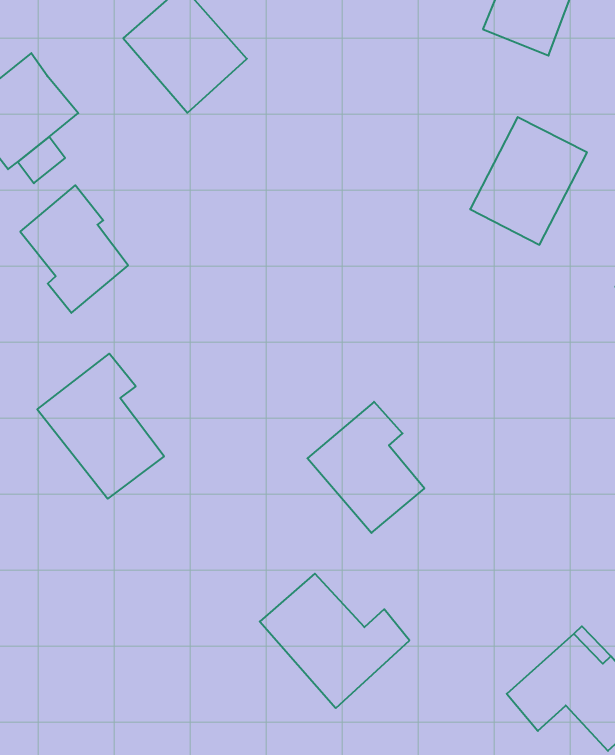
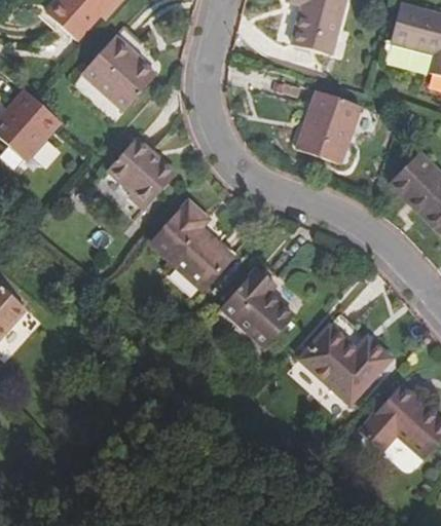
building: [20,185,128,313] -> [106,140,173,216]
building: [37,354,164,499] -> [157,202,236,289]
building: [260,574,409,708] -> [301,327,392,405]

